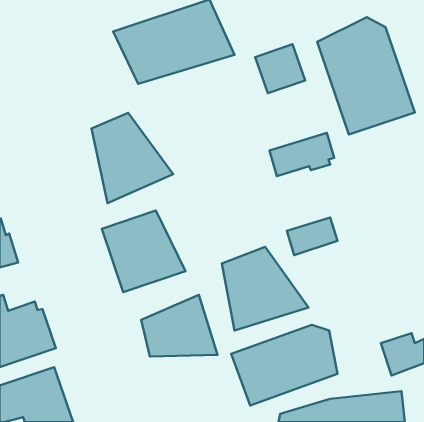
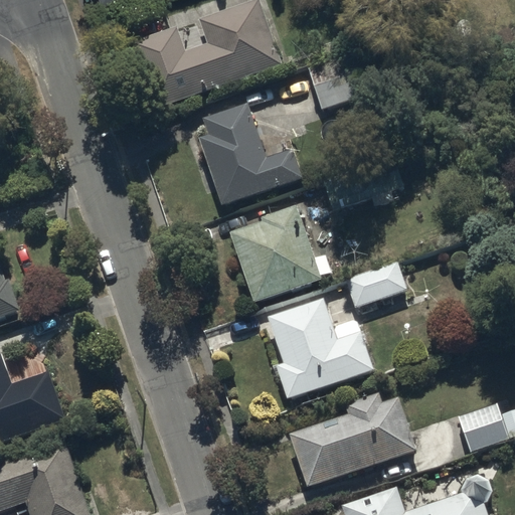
building: [317,17,415,134] -> none
building: [92,113,173,203] -> [202,103,301,212]
building: [102,211,186,292] -> [223,209,325,308]
building: [141,295,218,357] -> none

